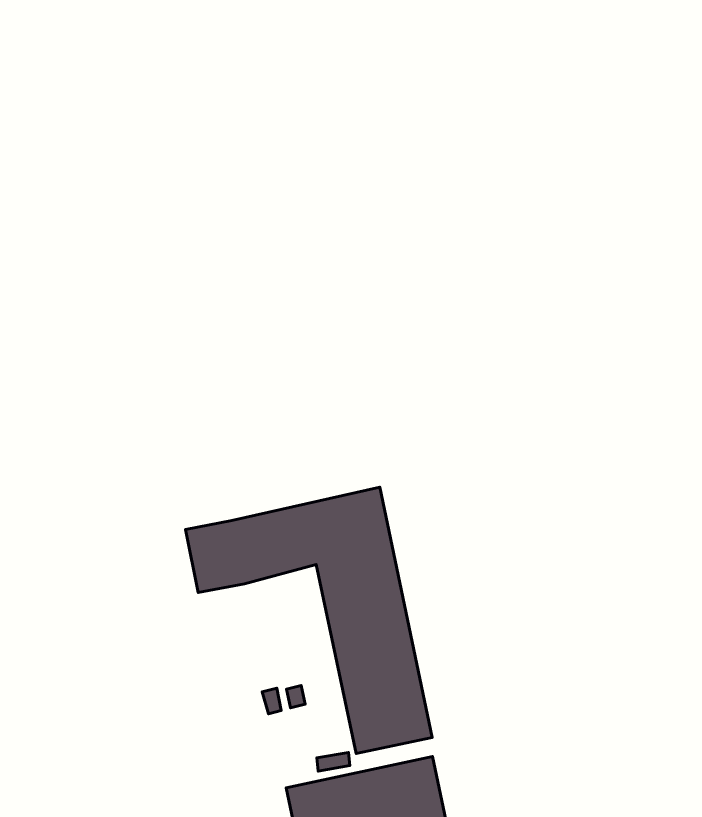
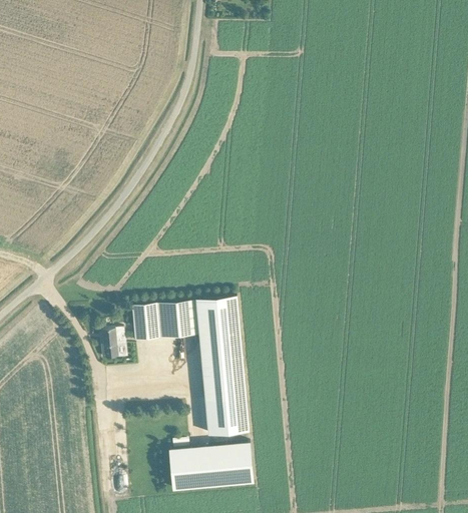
building: none -> [100,328,124,358]

